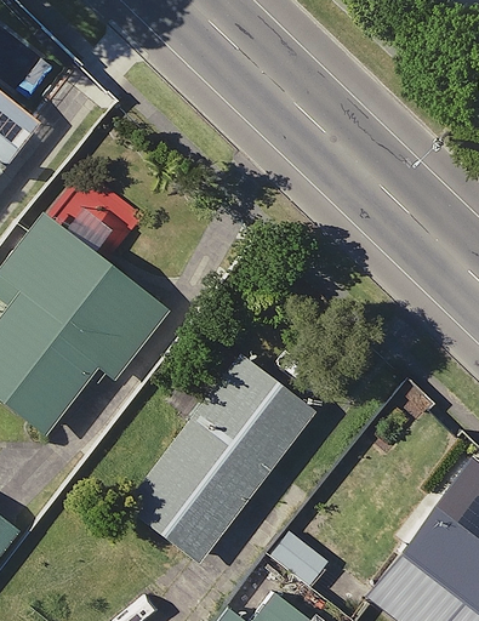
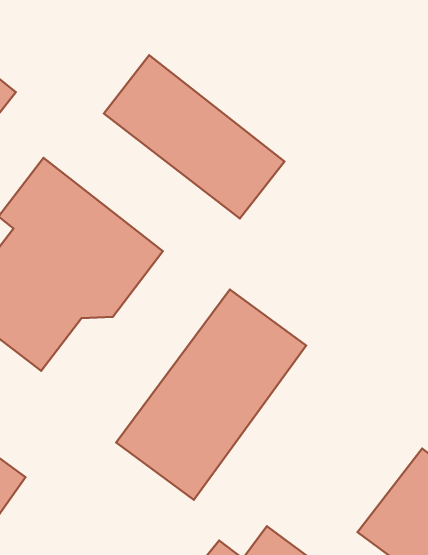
building: none -> [104,55,284,218]

